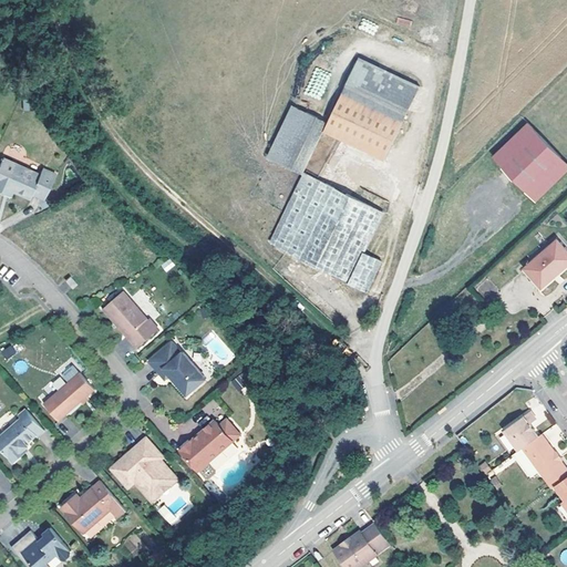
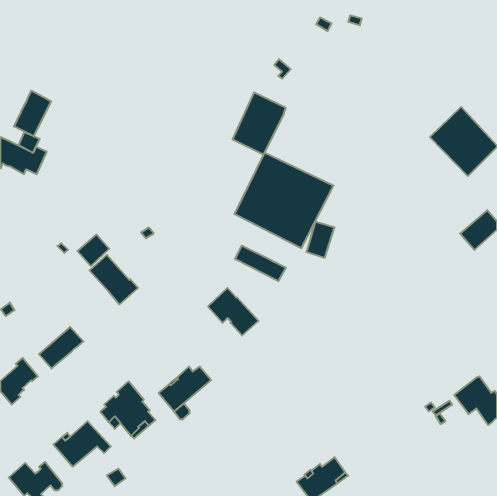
building: [322,60,417,162] -> none
building: none -> [14,91,51,136]
building: none -> [77,235,109,266]
building: none -> [235,246,286,281]
building: [148,340,206,394] -> [208,288,259,336]
building: [507,405,542,446] -> none

